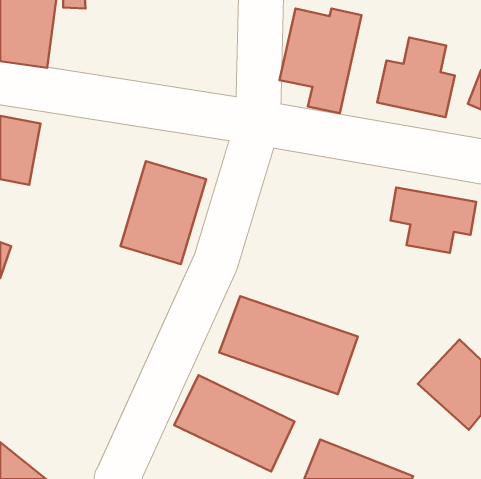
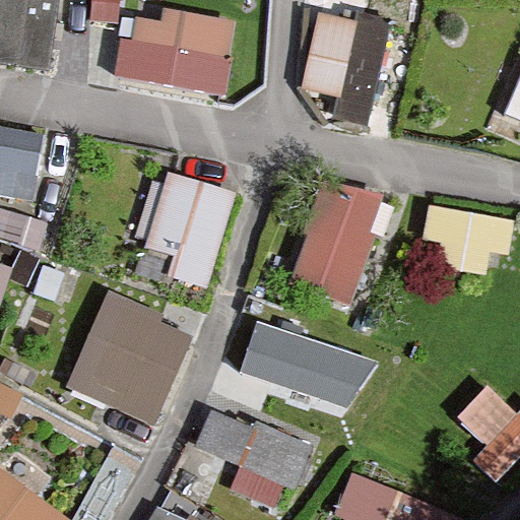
building: none -> [126,7,236,96]
building: [377,37,455,117] -> none
building: none -> [289,180,385,298]
building: none -> [61,301,176,422]

